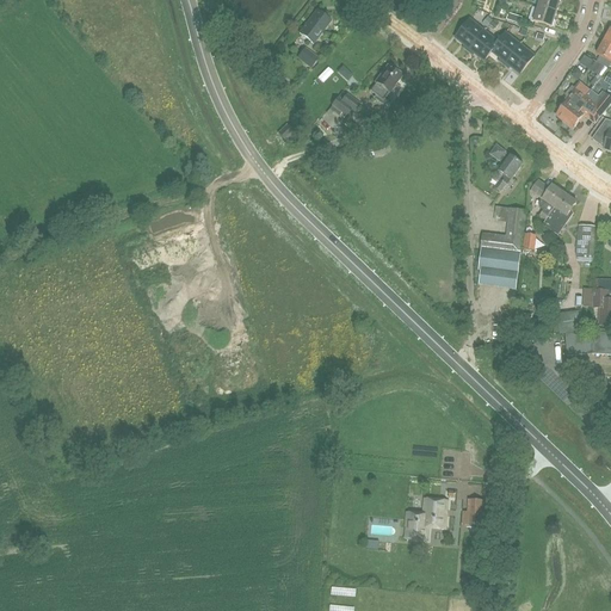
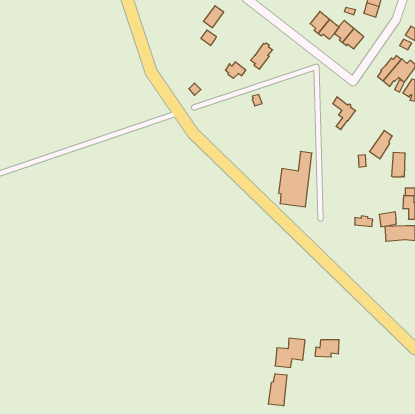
building: [530,178,563,217] -> none
building: [476,205,525,286] -> [279,151,312,207]
building: none -> [268,374,287,406]

